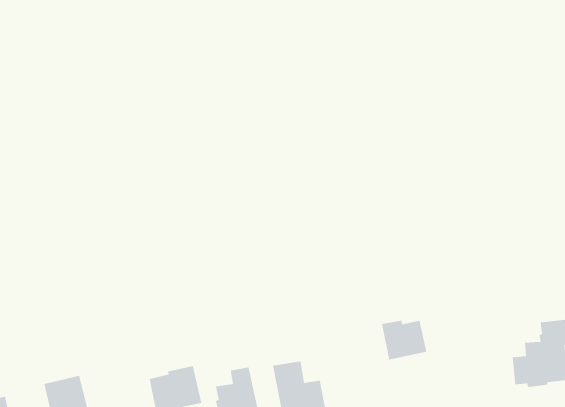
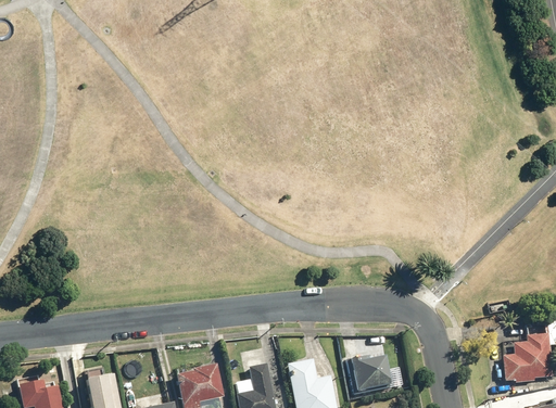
building: [381,320,427,360] -> [350,355,391,391]

